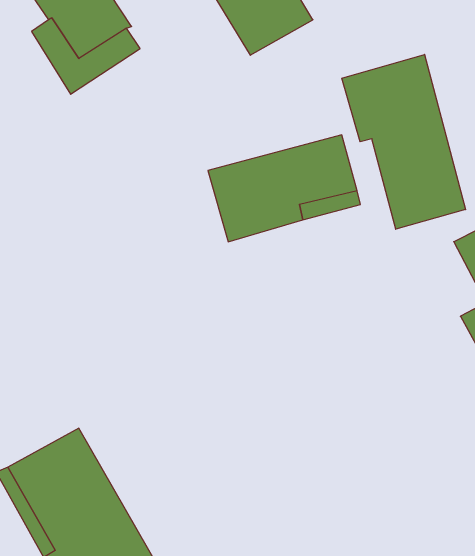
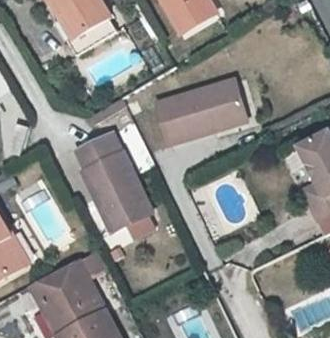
building: [342,54,466,229] -> none
building: none -> [76,136,151,235]

